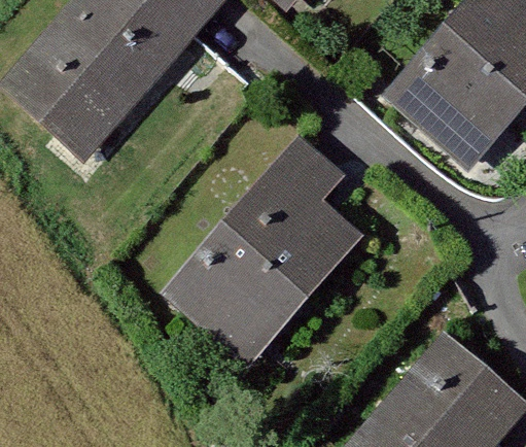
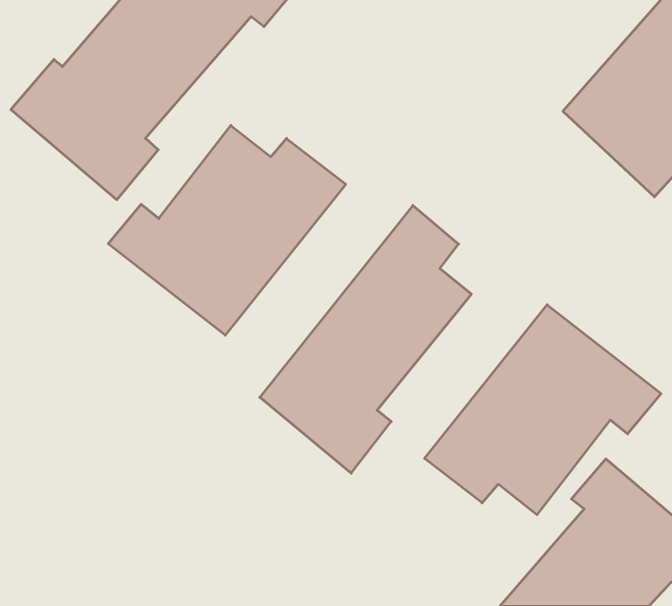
building: none -> [108,125,346,335]
building: none -> [425,305,661,515]

